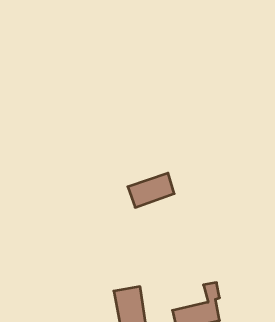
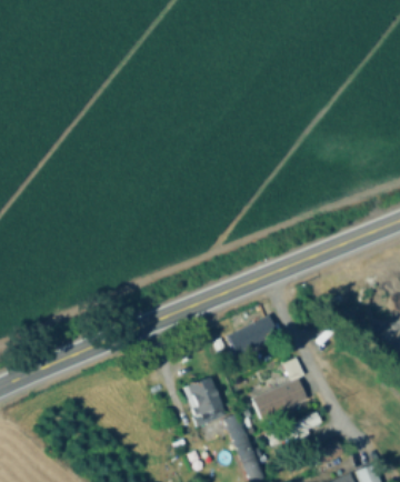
building: [128,173,174,207] -> [226,314,279,358]

